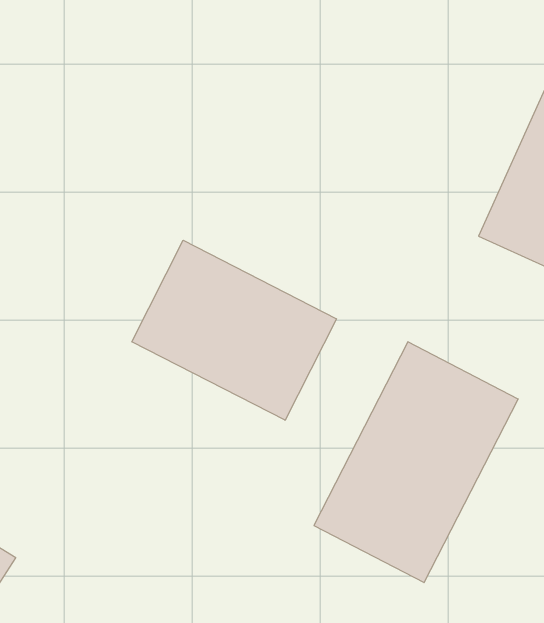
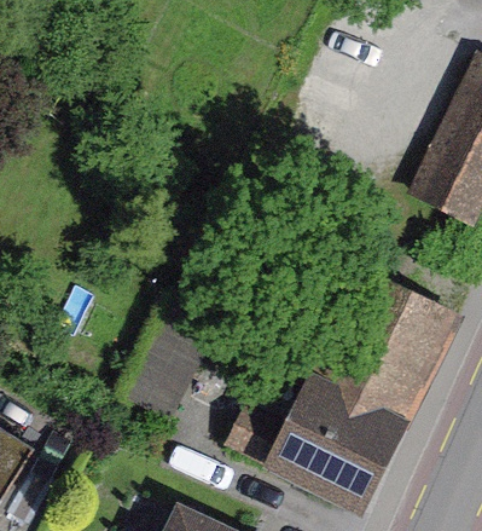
building: [132,240,336,420] -> none

